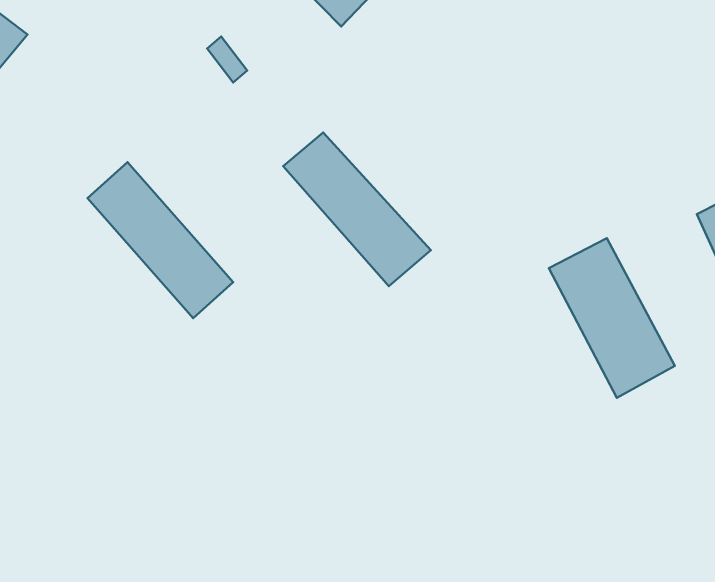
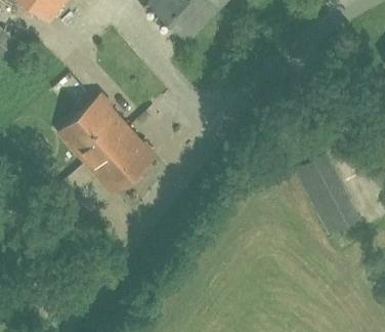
building: [283,132,431,286] -> [78,95,154,174]

